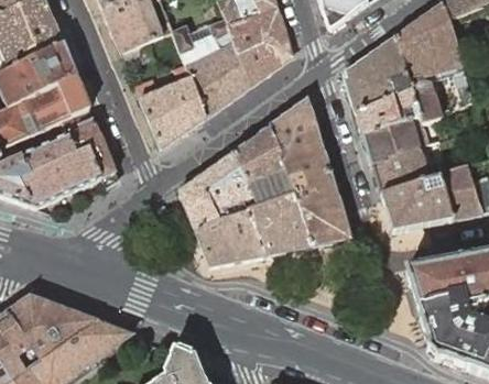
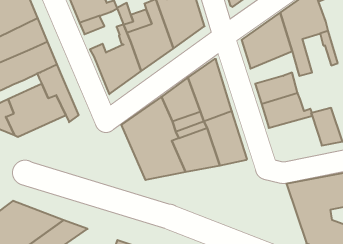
building: [355,88,420,133] -> none
building: [380,177,453,230] -> none

